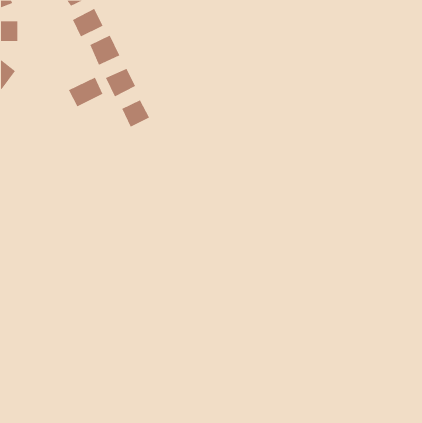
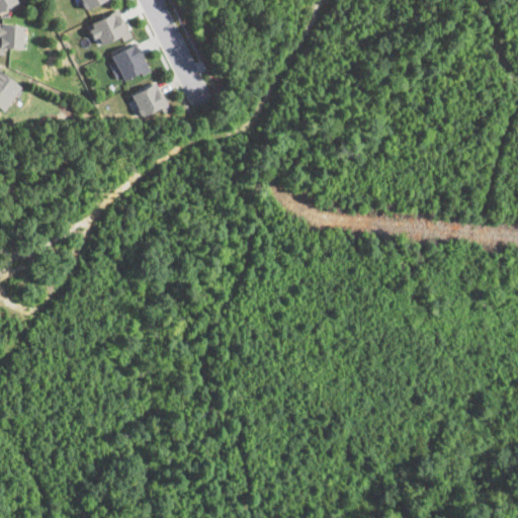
building: [68,77,103,107] -> none
building: [121,100,150,127] -> none

